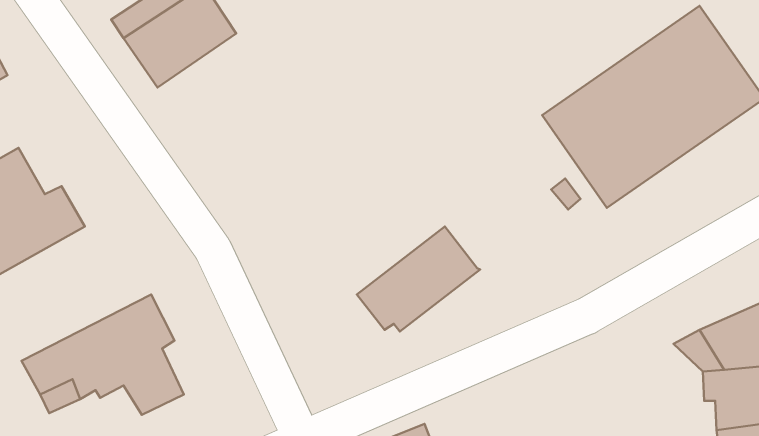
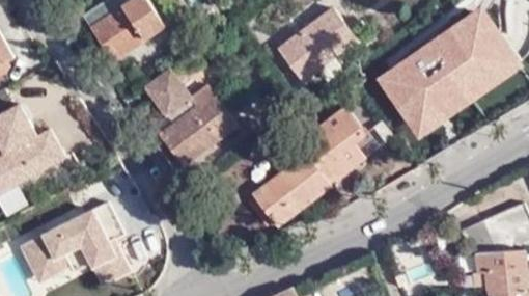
building: none -> [278,7,356,79]
building: none -> [142,65,189,113]
building: none -> [160,93,236,164]
building: none -> [306,107,364,183]

